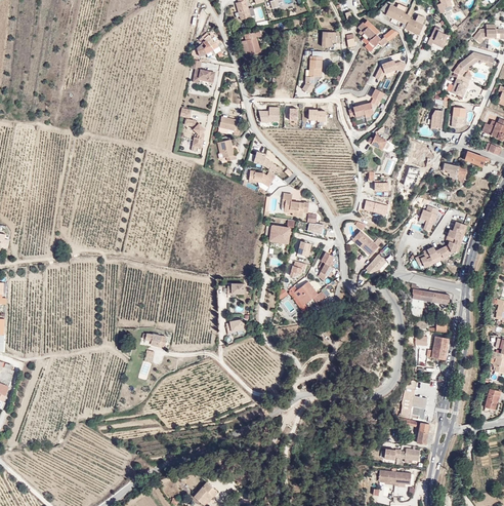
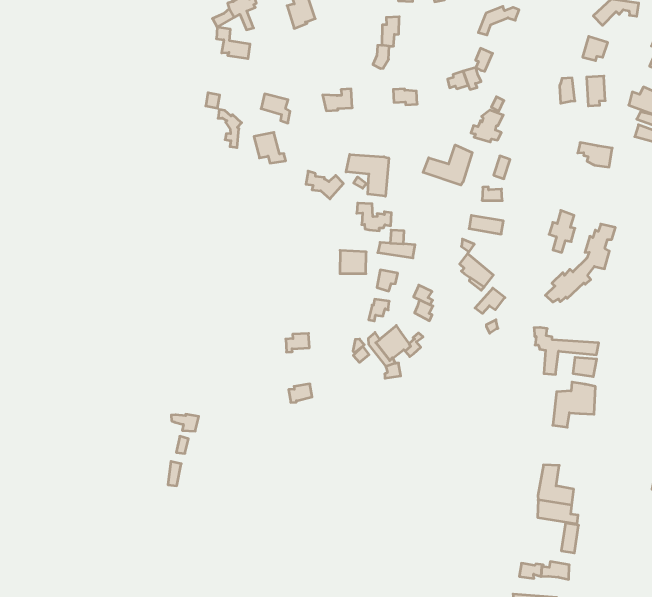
building: none -> [423,145,472,185]
building: none -> [346,154,389,196]

